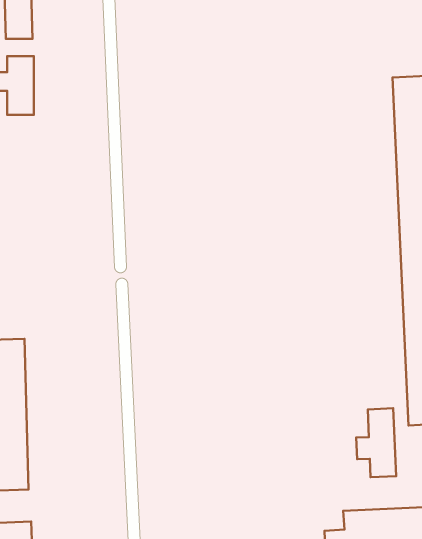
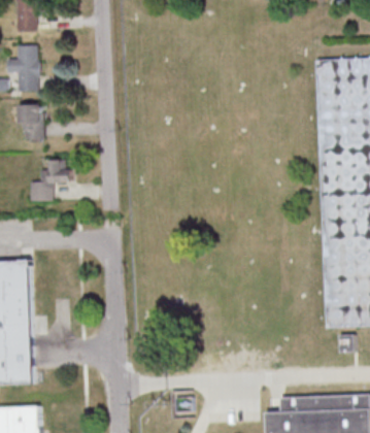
building: none -> [19,105,43,139]
building: none -> [30,160,71,200]
building: [356,408,396,477] -> none

